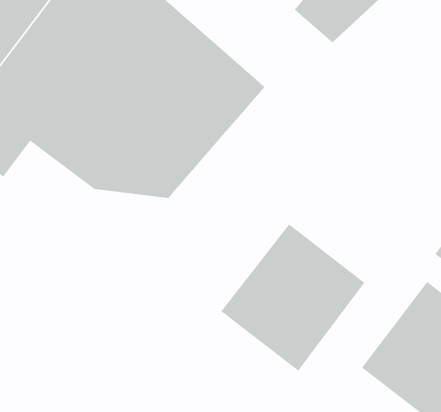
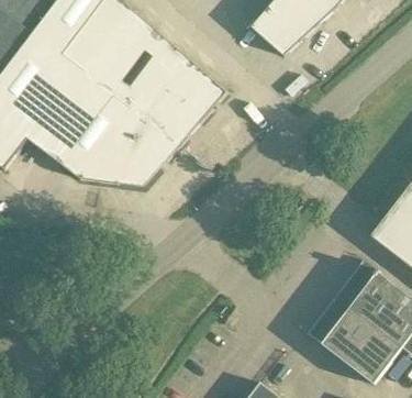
building: [221,224,365,372] -> none

